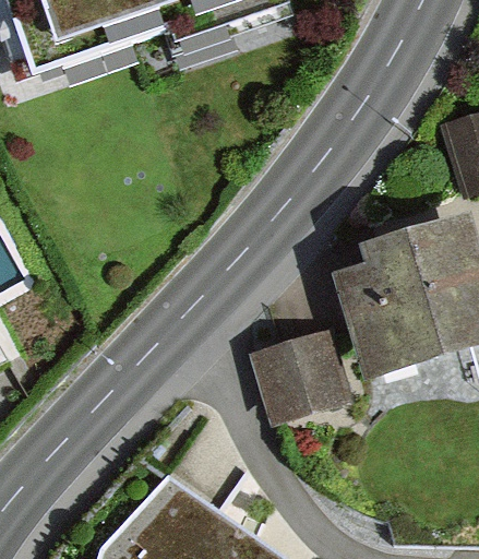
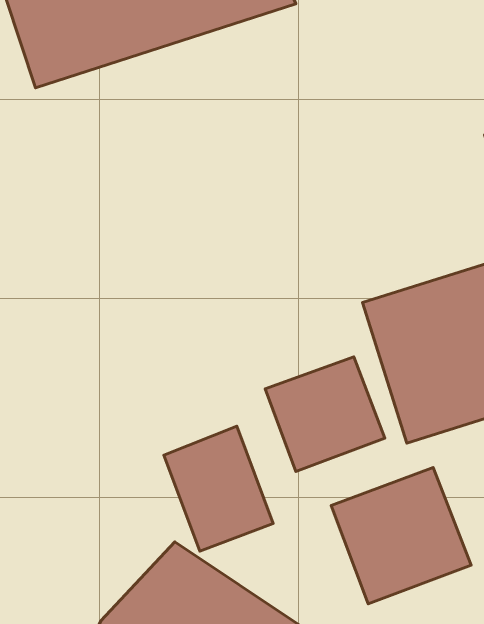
building: none -> [164,426,273,551]
building: none -> [331,468,471,604]

